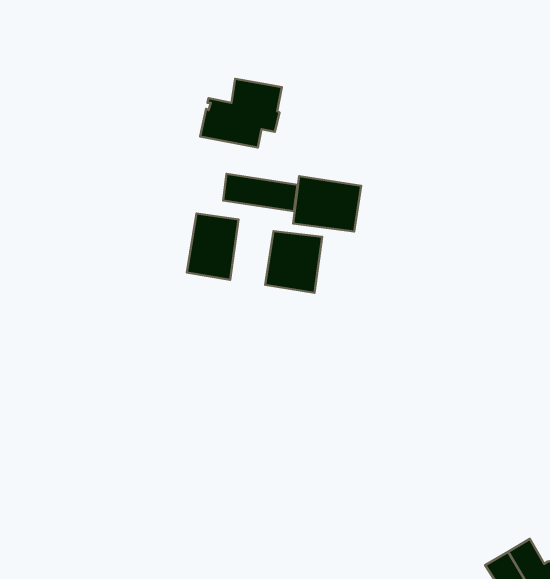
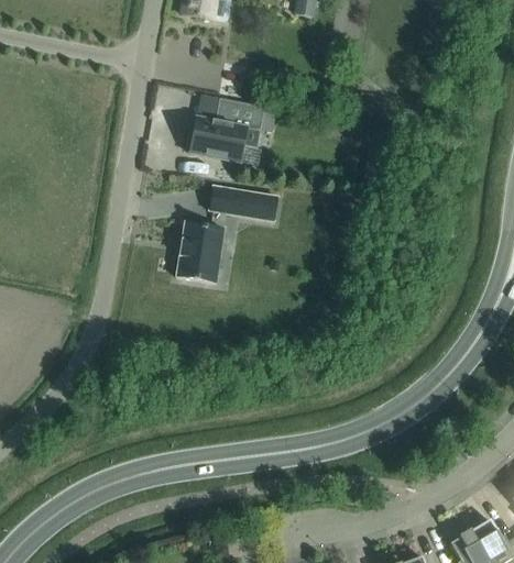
building: [293,176,361,232] -> none
building: [265,231,322,293] -> none

